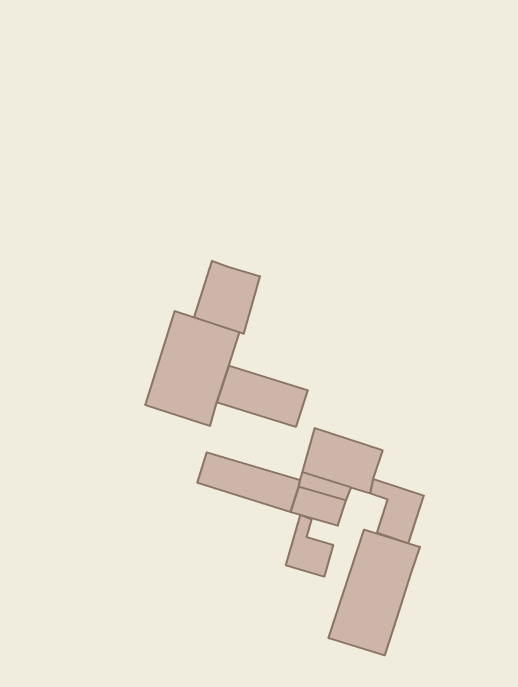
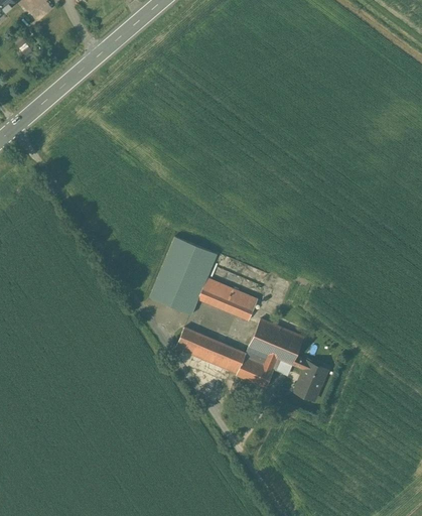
building: [194,261,260,334] -> none
building: [286,515,333,577] -> none
building: [329,530,420,655] -> none

